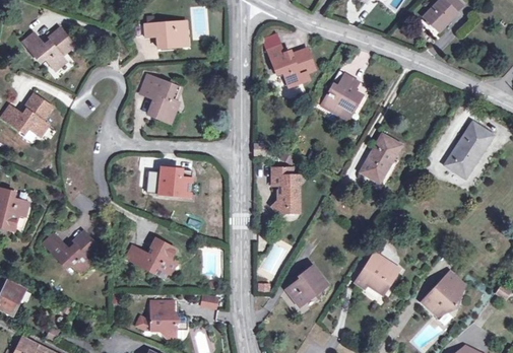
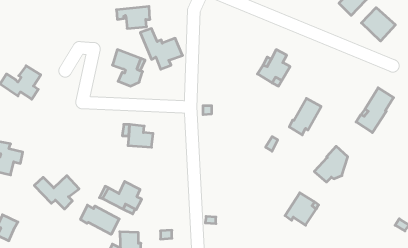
building: none -> [361,8,395,41]
building: [23,28,74,70] -> none
building: [263,36,316,86] -> [140,29,183,69]
building: [272,174,304,216] -> none
building: [286,266,327,305] -> none
building: none -> [81,205,119,234]
building: [423,270,464,314] -> [314,146,348,182]

